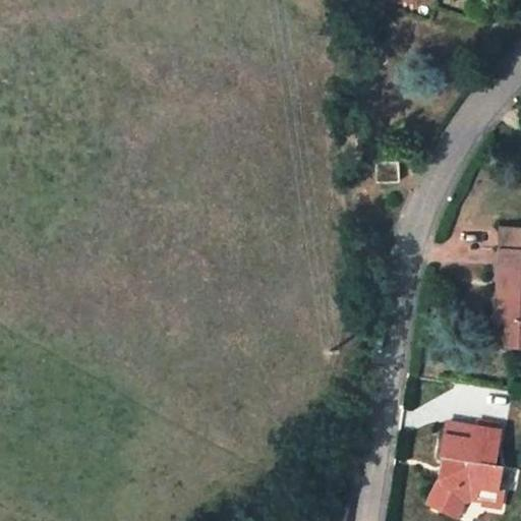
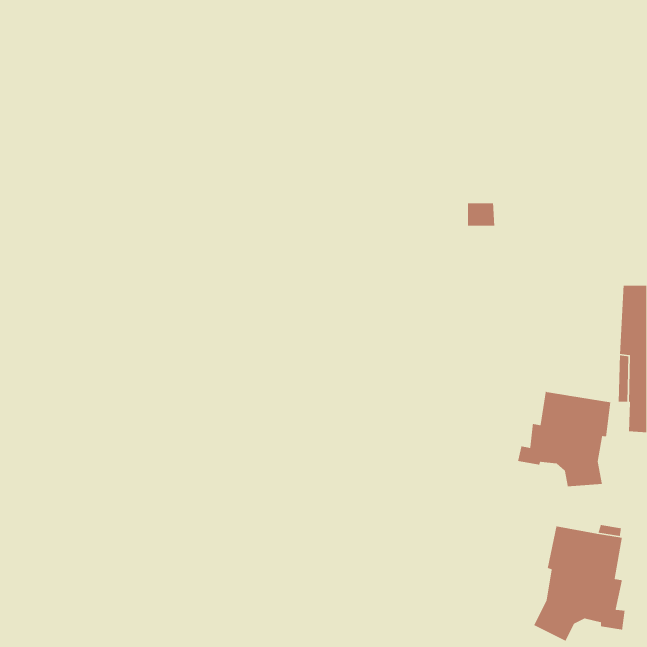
building: none -> [517,391,611,487]

